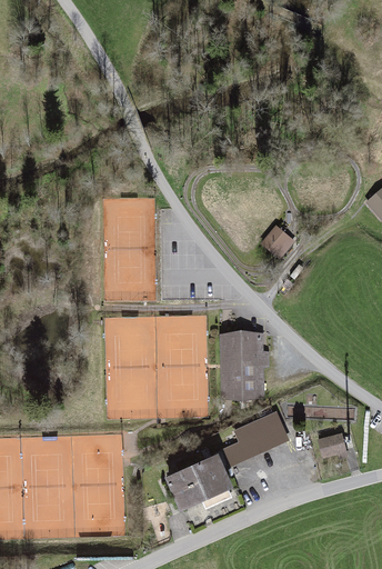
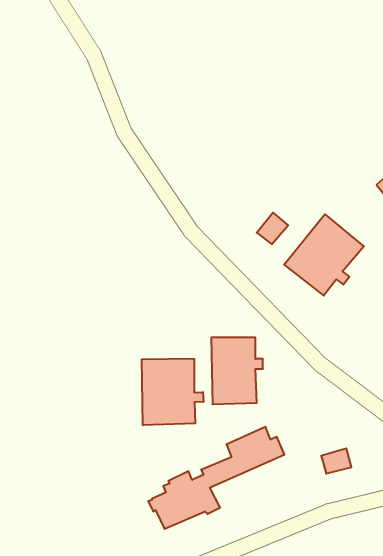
building: none -> [284,214,364,296]
building: none -> [142,359,203,425]

